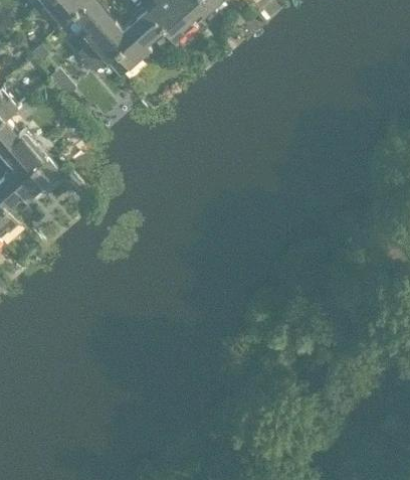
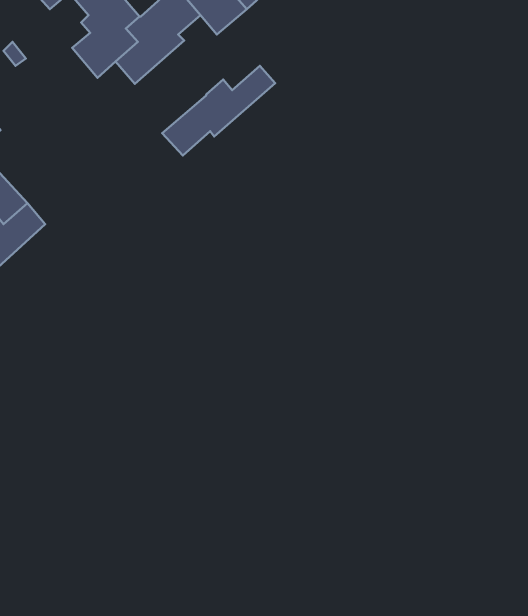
building: none -> [162,66,275,156]

